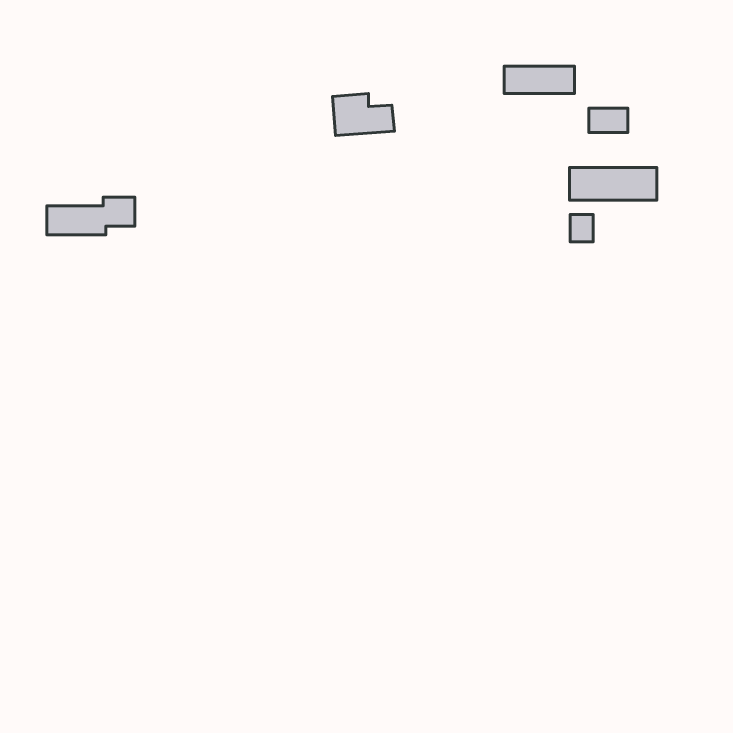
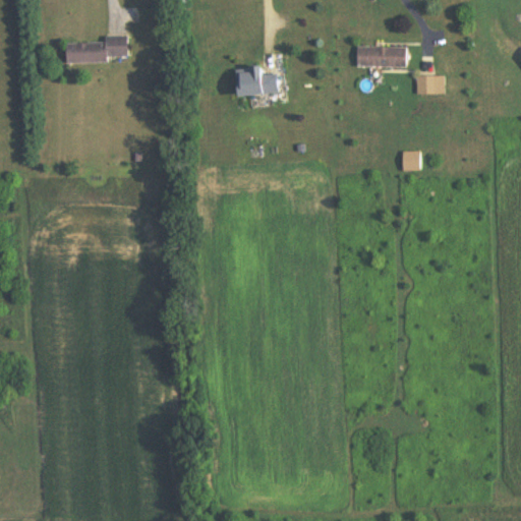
building: [570,167,657,200] -> none
building: [47,197,135,235] -> [65,37,127,63]

